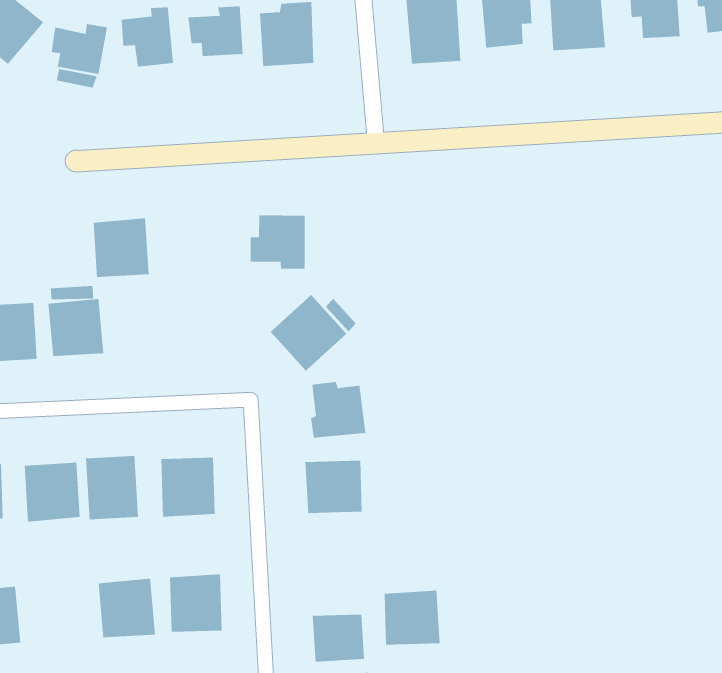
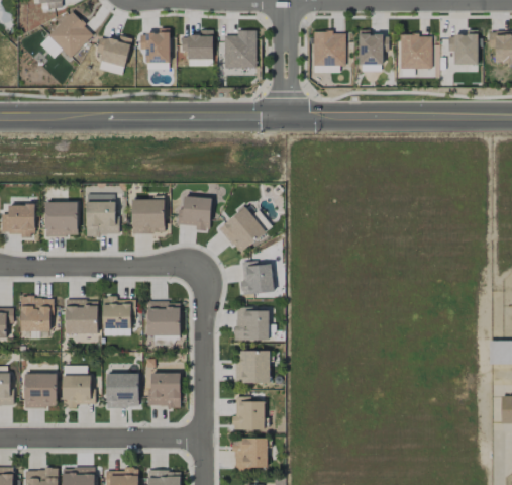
building: [250,215,305,269] -> [177,196,212,230]
building: [93,218,149,278] -> [132,199,165,233]
building: none -> [63,366,96,408]
building: [384,590,440,645] -> [236,351,270,383]

